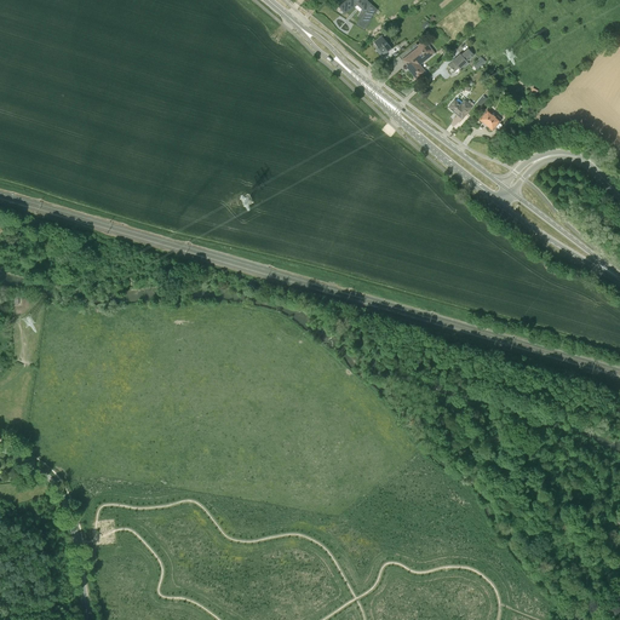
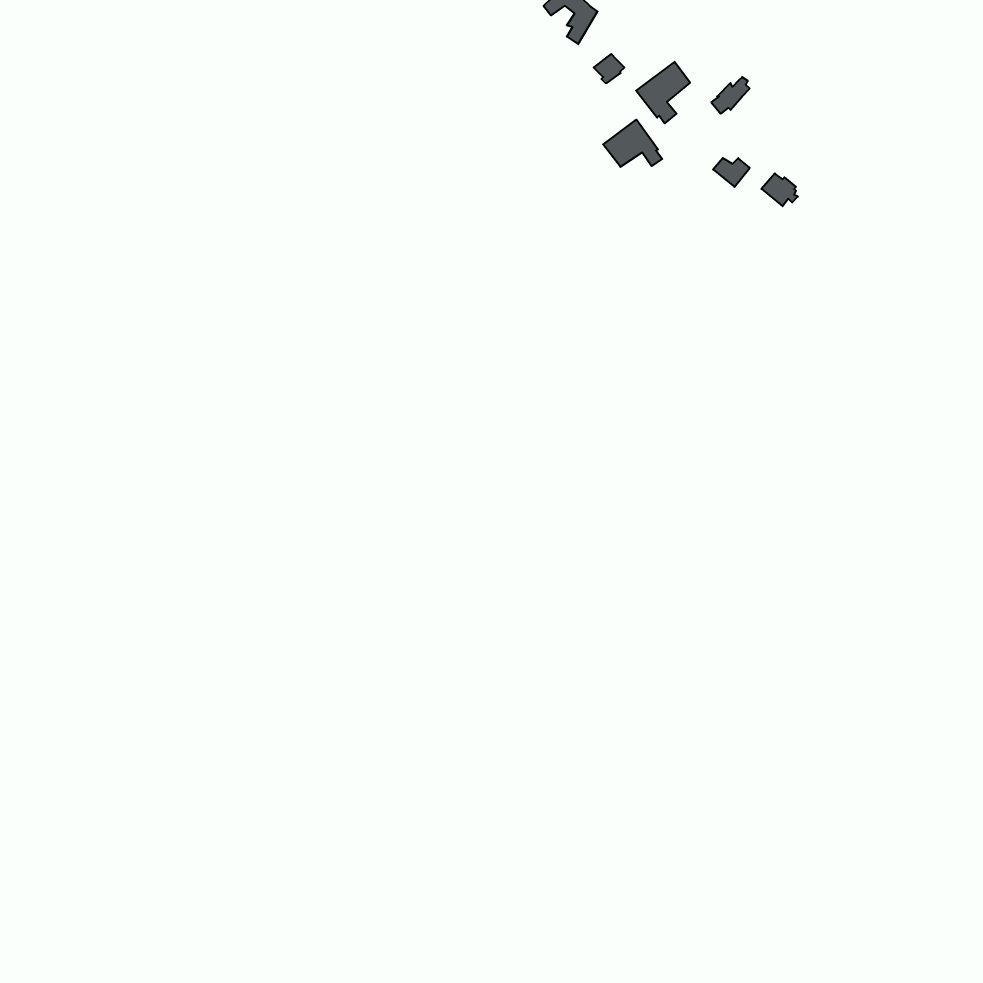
building: none -> [603,120,662,167]

